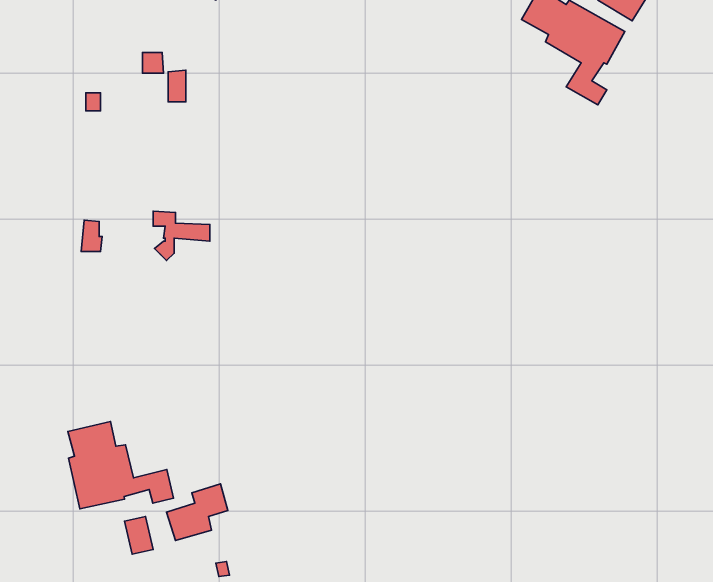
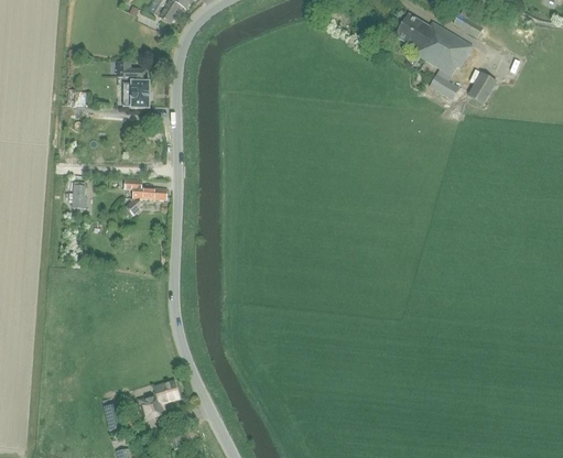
building: none -> [467,70,497,103]
building: [68,422,174,509] -> none

